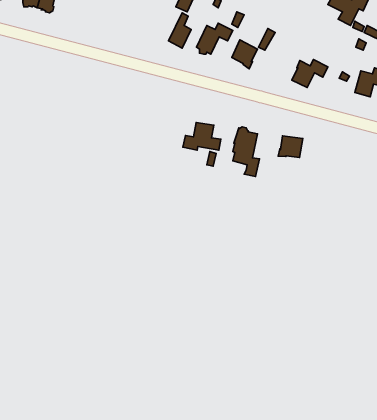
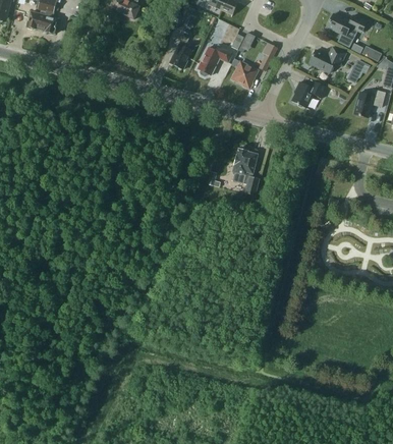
building: none -> [310,45,346,72]
building: [183,122,221,150] -> none
building: [278,136,303,157] -> none

